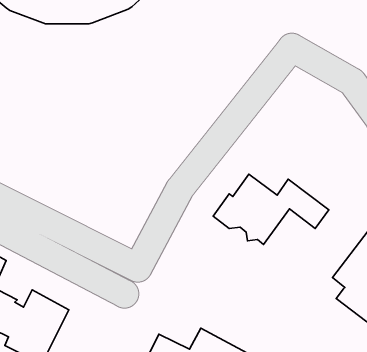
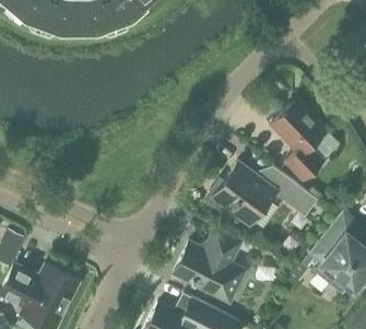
building: none -> [271,103,327,183]
building: none -> [174,228,246,303]

